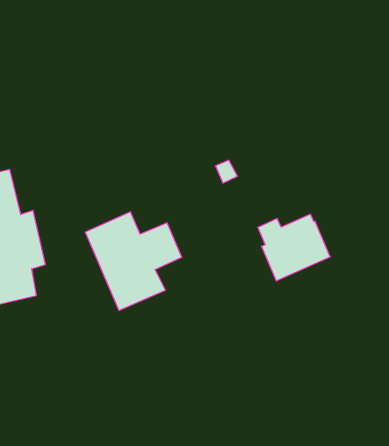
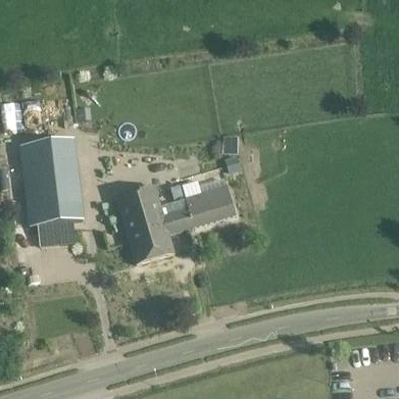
building: [258,214,330,281] -> [182,178,236,227]

